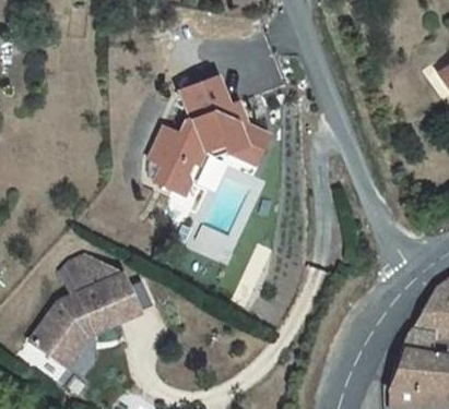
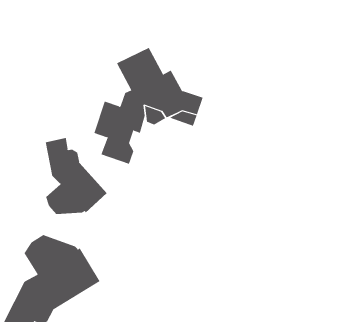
building: none -> [45,137,108,215]

